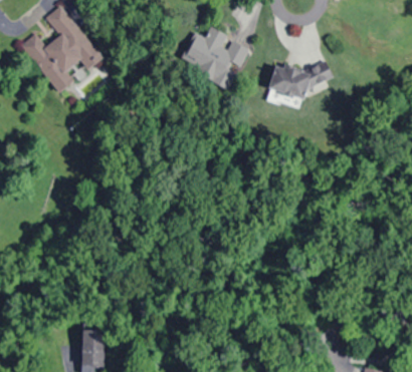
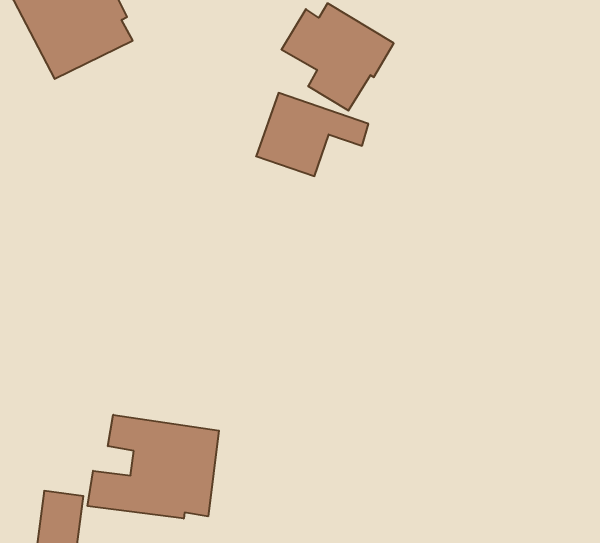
building: [267,62,330,107] -> [256,93,368,176]
building: none -> [88,415,219,519]

